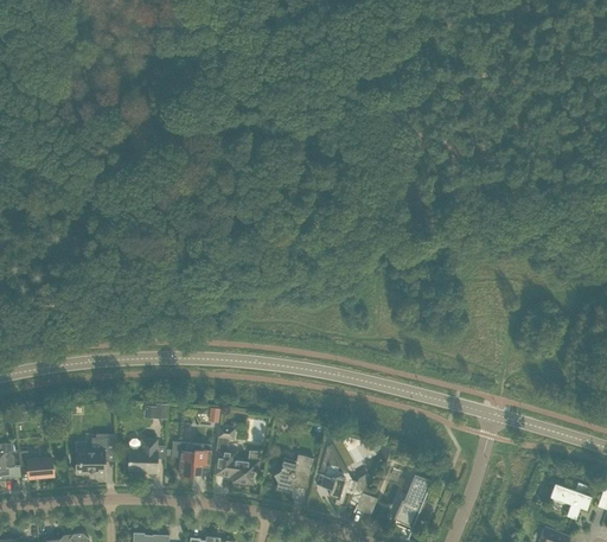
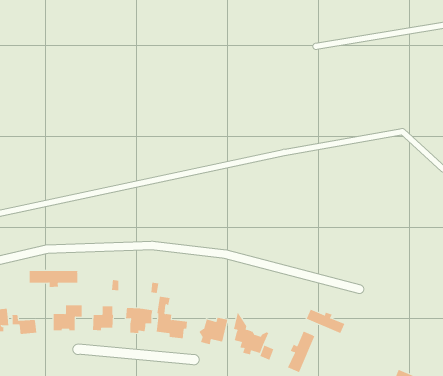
building: none -> [29,270,78,288]
building: none -> [306,309,345,334]
building: [549,483,589,518] -> none

